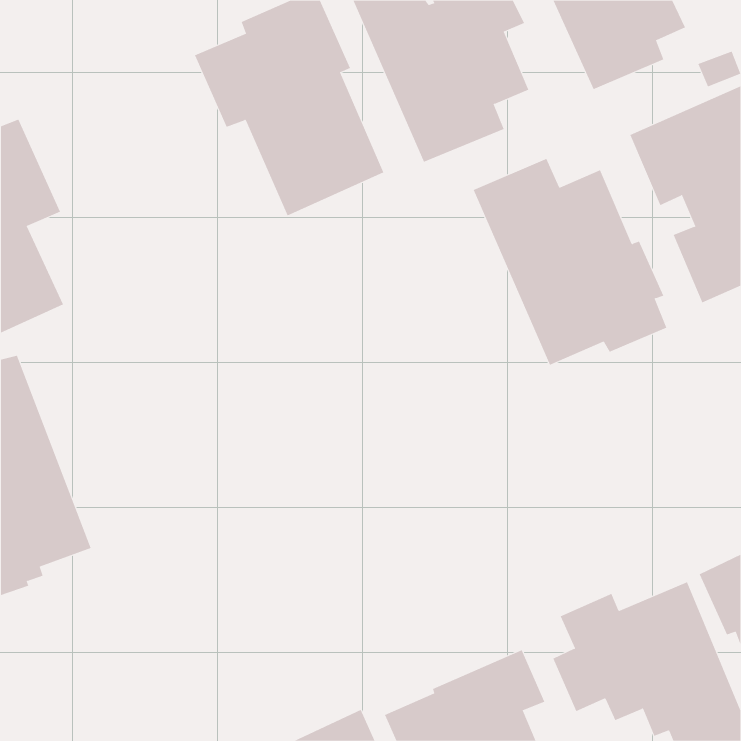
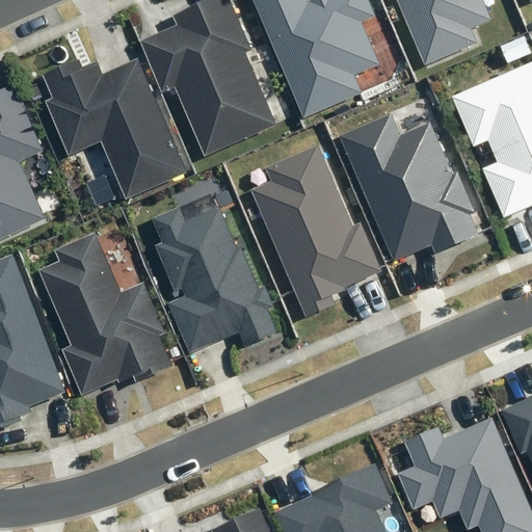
building: none -> [43,59,186,197]
building: none -> [249,144,382,317]
building: none -> [153,208,277,354]
building: none -> [37,232,170,394]

